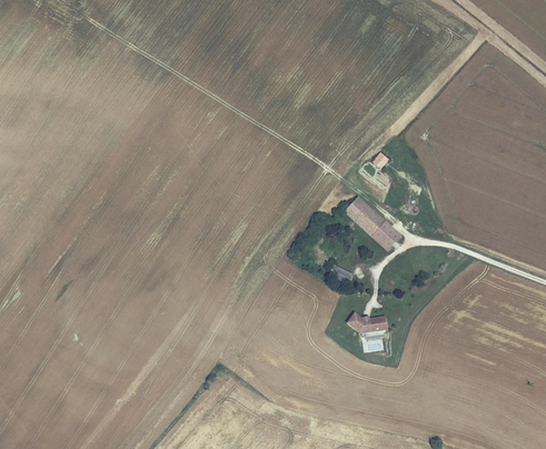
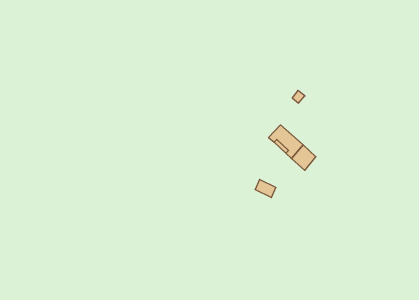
building: [347,311,384,333] -> none

